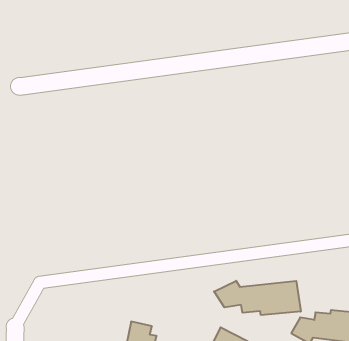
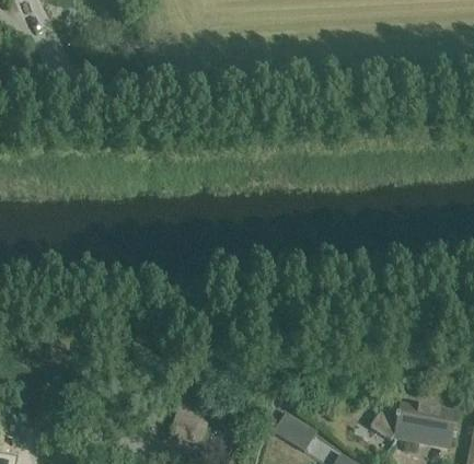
building: [214,281,301,315] -> none

